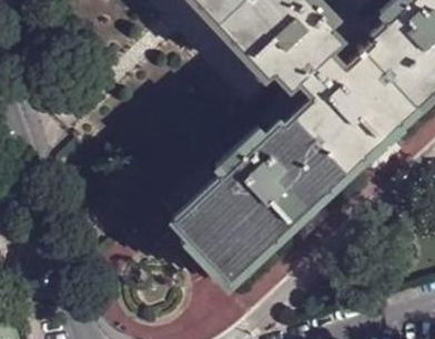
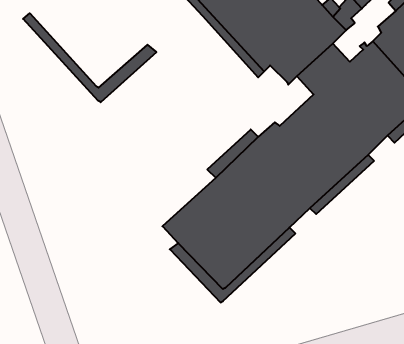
building: none -> [23,13,156,102]

